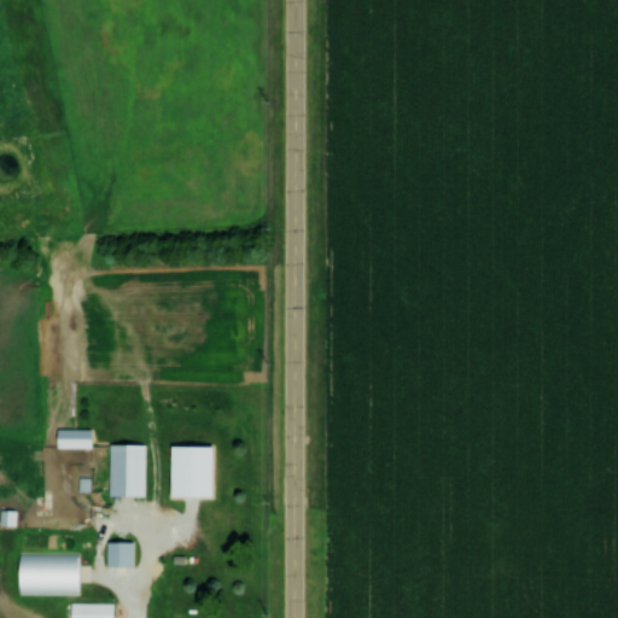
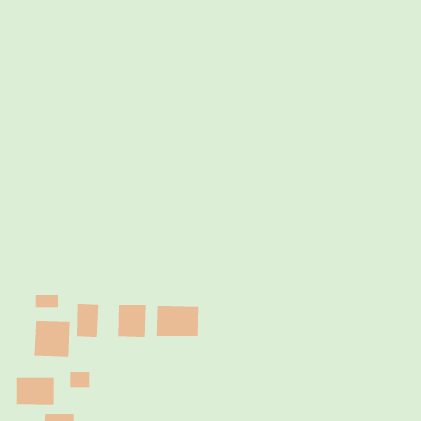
building: none -> [156,305,199,337]
building: none -> [34,320,70,358]

